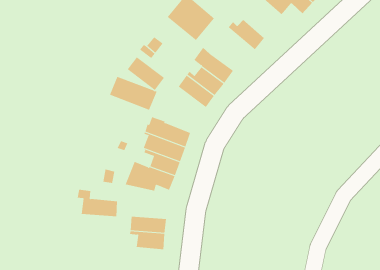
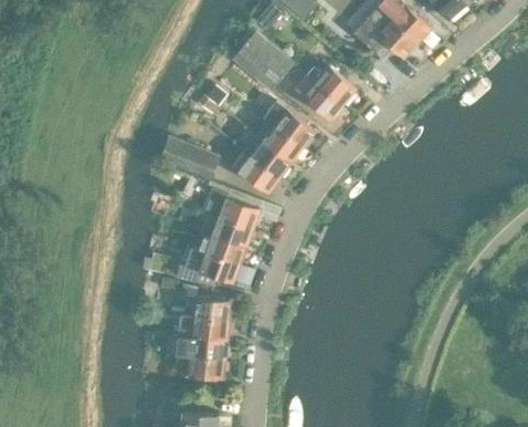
building: none -> [300,74,342,119]
building: [127,56,165,91] -> [231,150,279,195]
building: [77,189,118,217] -> [177,285,230,321]
building: none -> [188,357,225,379]

